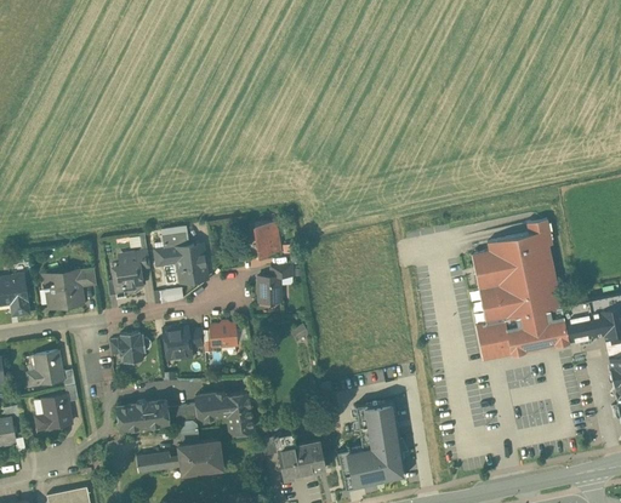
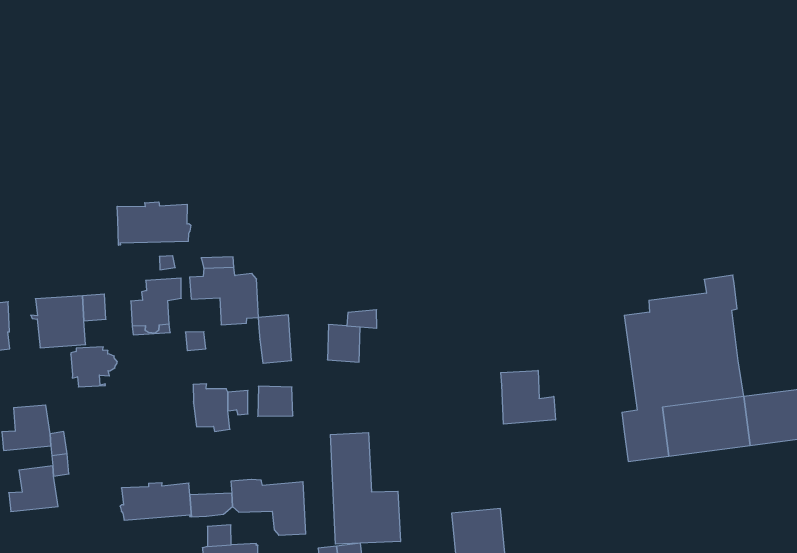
building: none -> [117,202,191,245]
building: [253,222,280,258] -> [258,315,292,363]
building: none -> [501,370,555,424]
building: [116,333,150,364] -> [71,347,117,387]
building: none -> [330,433,400,544]

